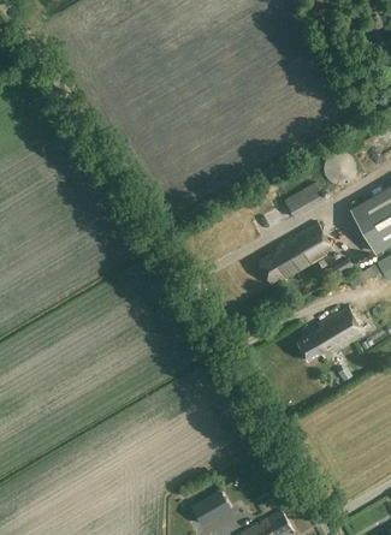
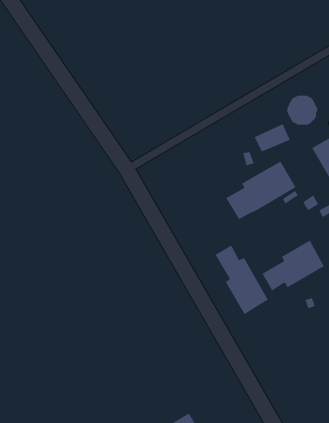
building: none -> [215,244,269,315]

